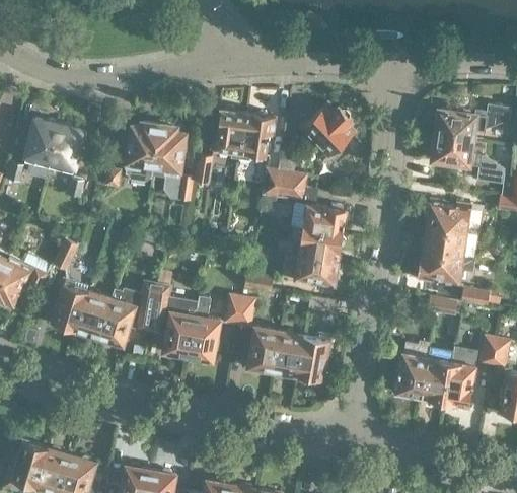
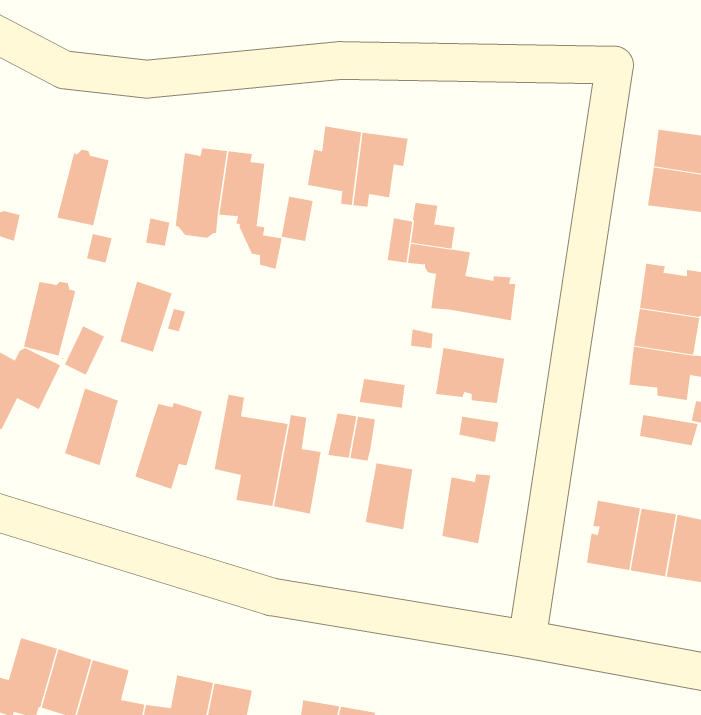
building: [301,102,356,158] -> none
building: [24,120,59,168] -> [23,281,76,356]
building: [299,228,344,260] -> none
building: [76,290,110,337] -> [119,281,172,353]
building: [274,332,304,375] -> none

